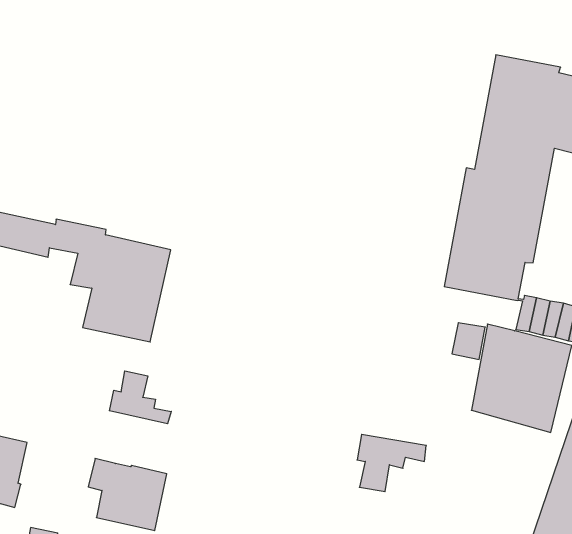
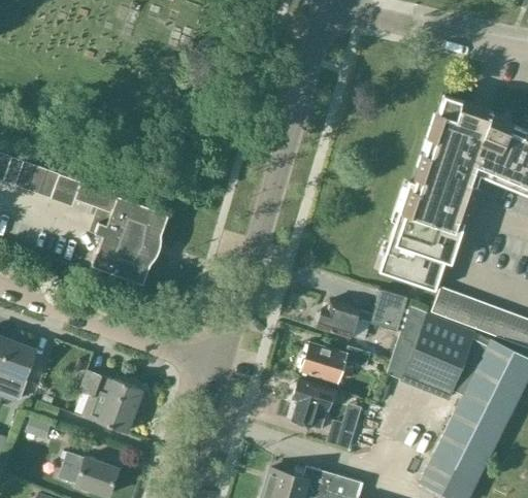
building: none -> [318,302,378,337]
building: [109,371,171,424] -> none
building: none -> [302,342,371,383]
building: none -> [327,420,357,449]

